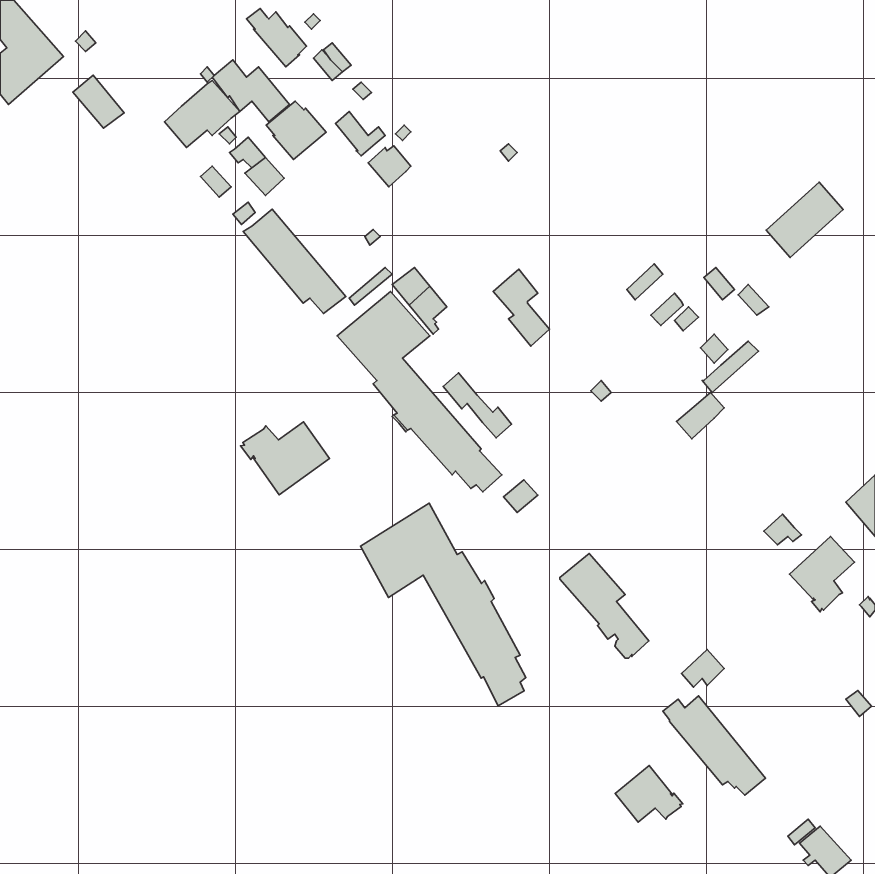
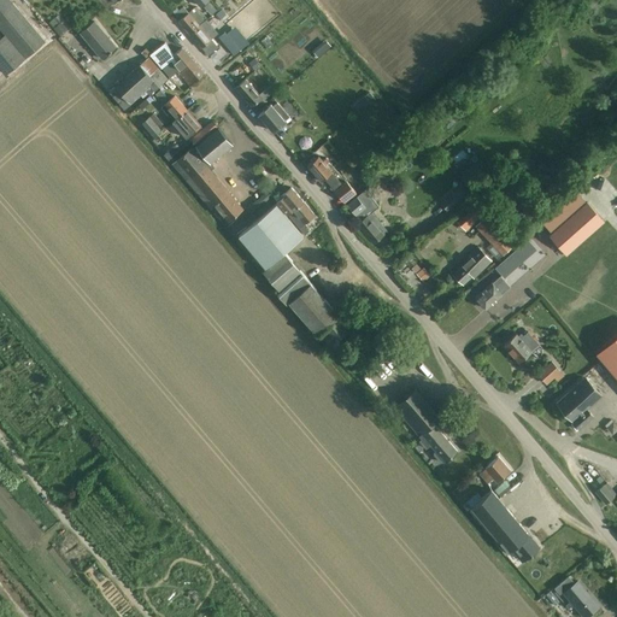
building: [73,75,124,128] -> [80,22,116,59]
building: [266,101,326,159] -> [190,123,233,164]
building: [766,182,843,257] -> [550,202,604,255]
building: none -> [453,248,490,284]
building: [443,373,512,438] -> [307,157,355,202]
building: [240,422,330,495] -> none
building: none -> [504,333,540,364]
building: [360,503,526,706] -> none
building: [615,766,683,822] -> none

